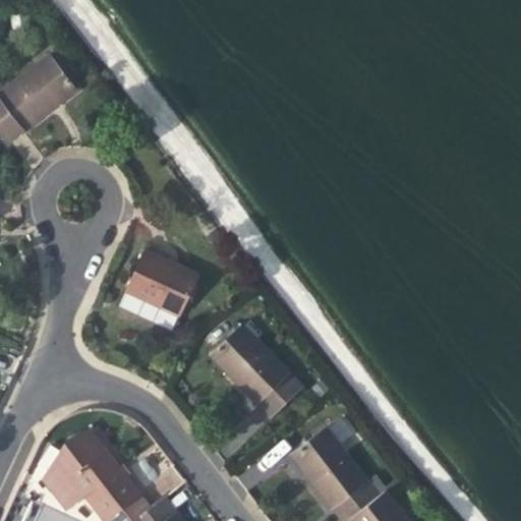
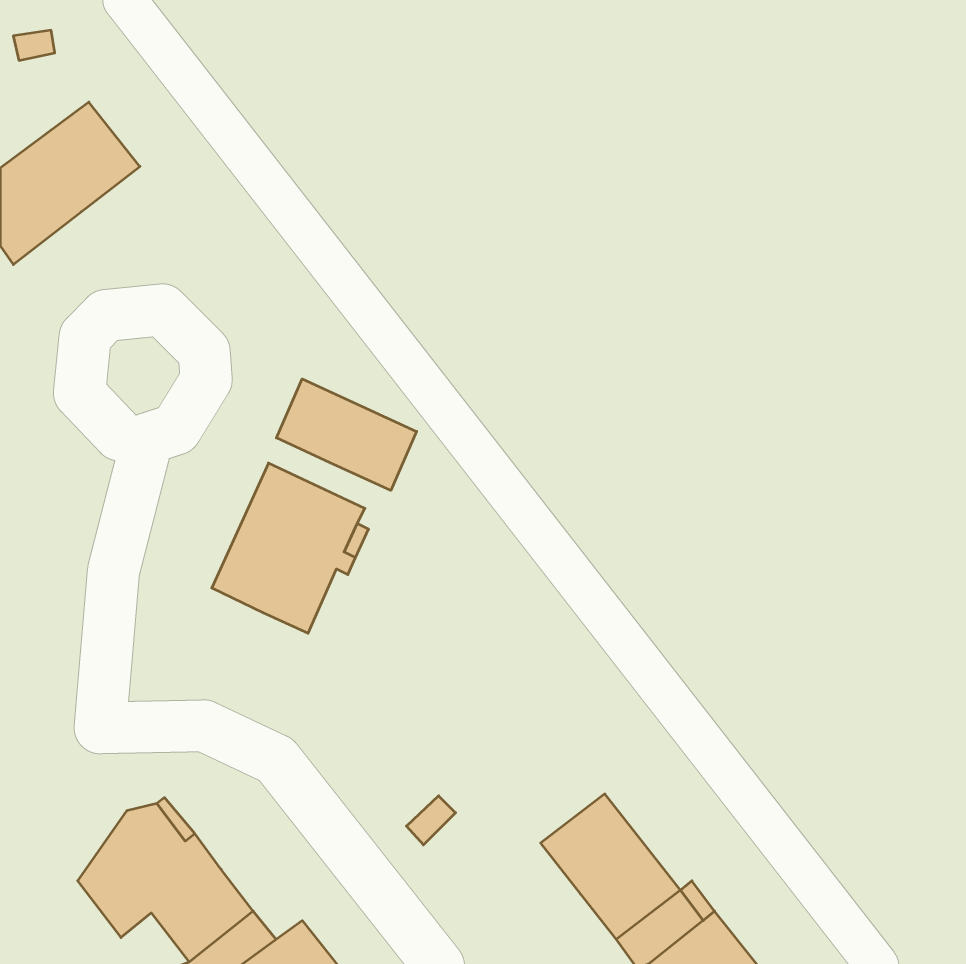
building: none -> [276,379,417,490]
building: [210,325,300,416] -> none

